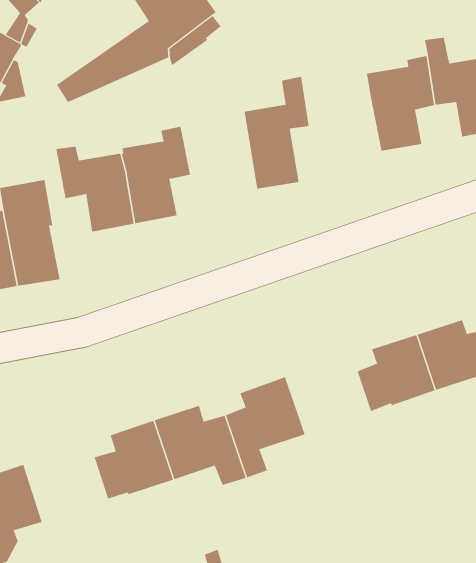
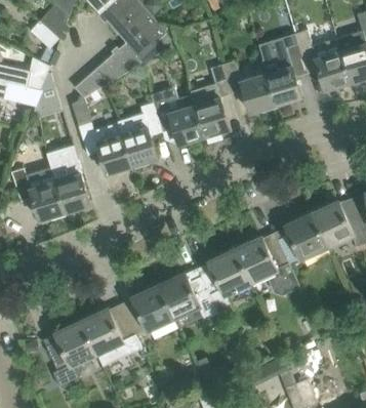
building: none -> [223,62,277,113]
building: none -> [151,87,204,145]
building: none -> [235,236,299,295]
building: none -> [82,308,141,366]

